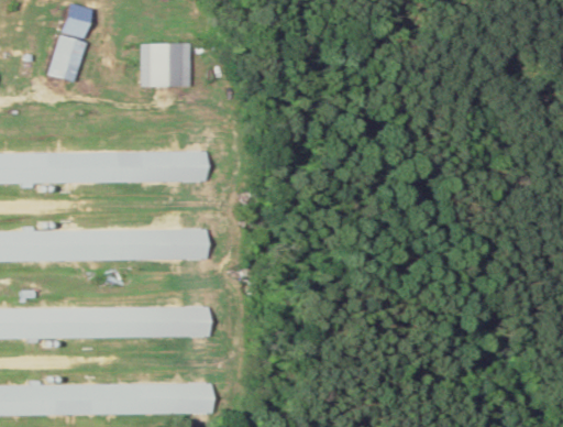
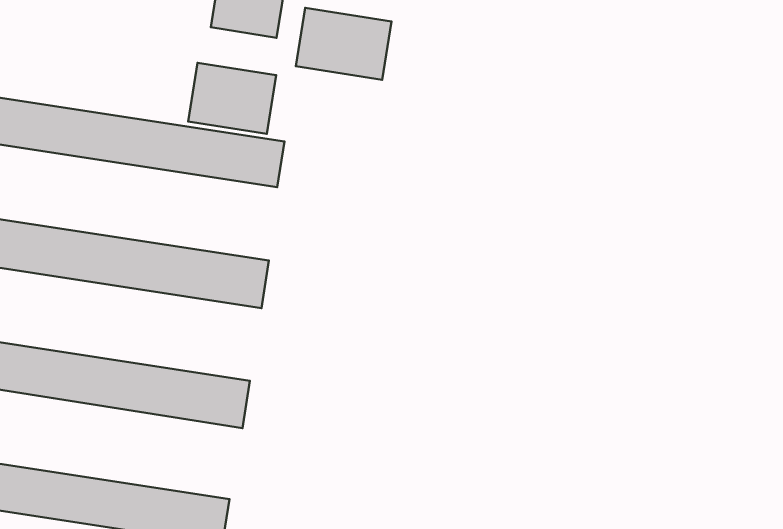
building: none -> [296,8,391,80]
building: none -> [188,63,276,134]

